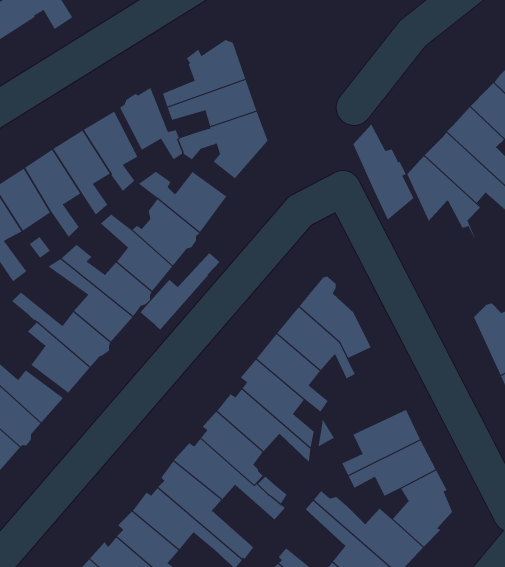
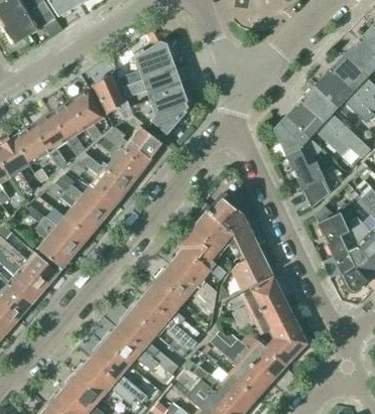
building: [352,124,414,220] -> [289,146,329,208]
building: [139,252,221,330] -> none
building: none -> [233,239,272,289]

